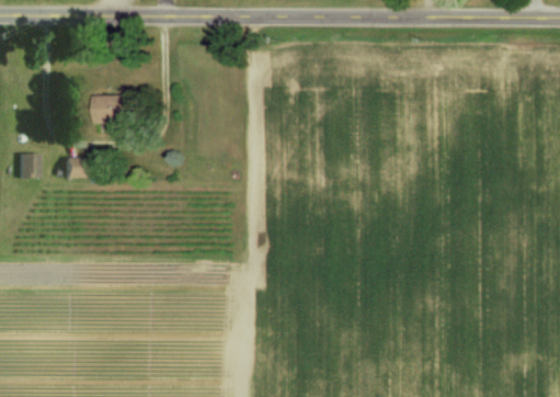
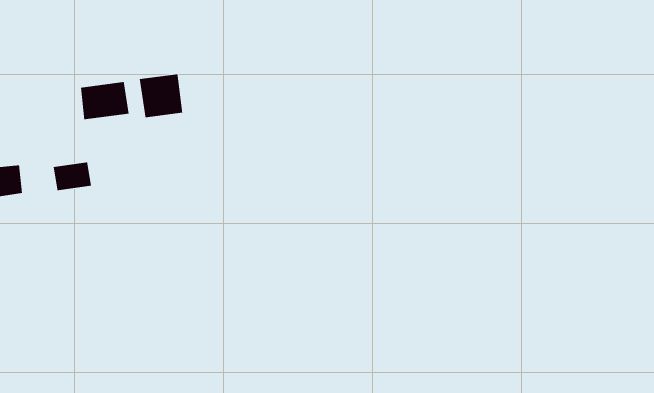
building: none -> [139,74,183,118]

